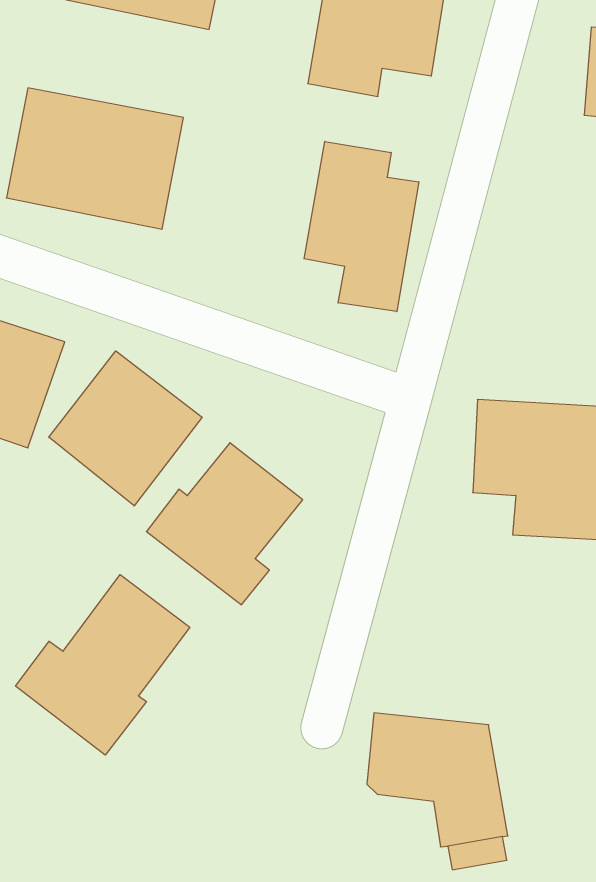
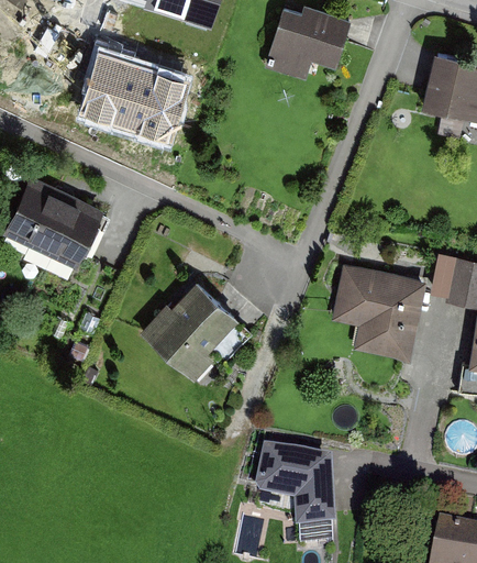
building: [304,141,419,312] -> none
building: [49,351,202,506] -> none
building: [16,575,190,755] -> none

